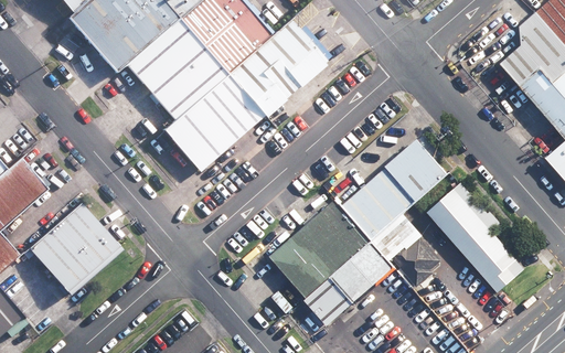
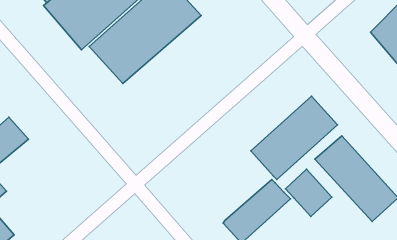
building: [161,15,331,172] -> none
building: [262,195,361,291] -> none
building: [26,205,120,297] -> none

